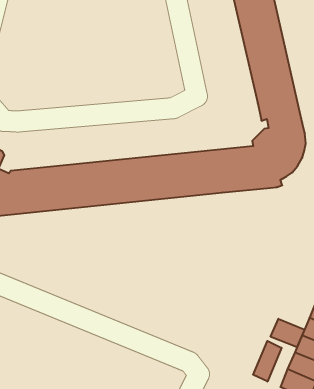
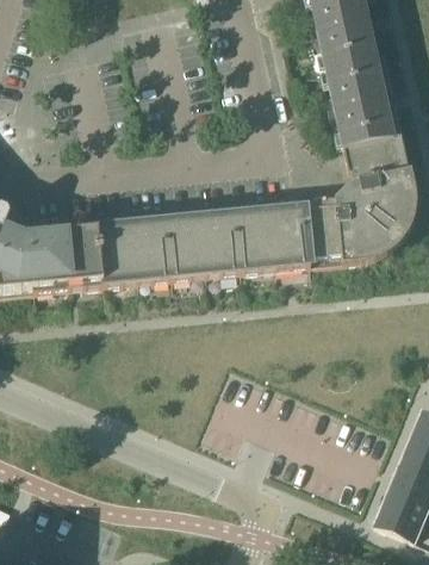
building: [271,319,305,347] -> none
building: [253,341,282,382] -> none

